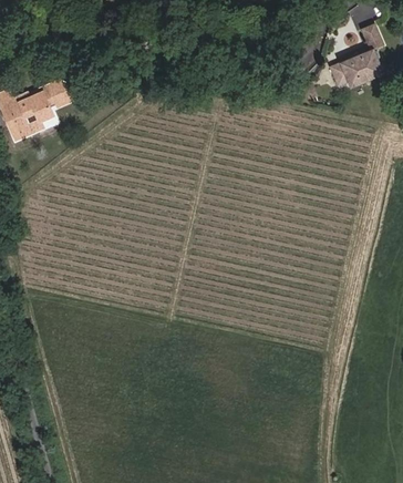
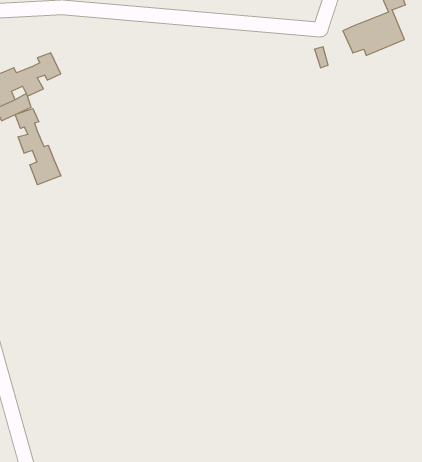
building: none -> [15,109,61,185]

